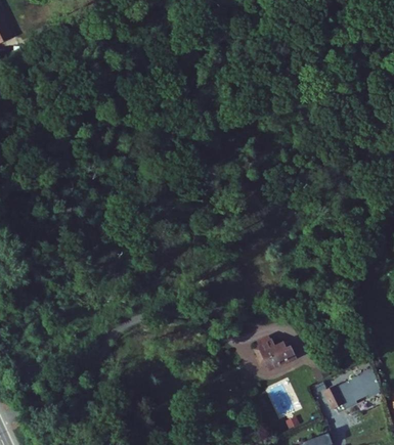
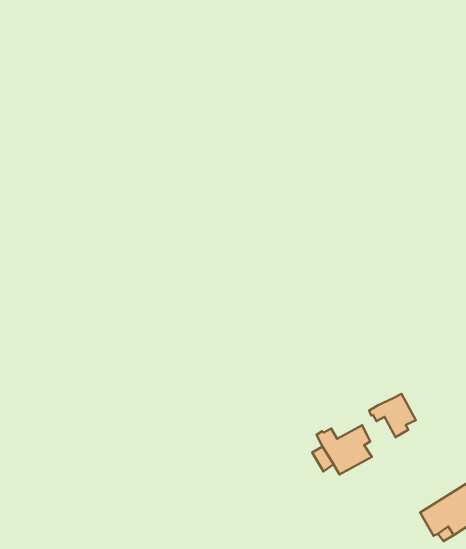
building: none -> [369,394,416,437]

